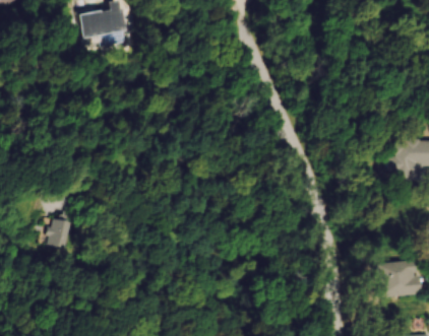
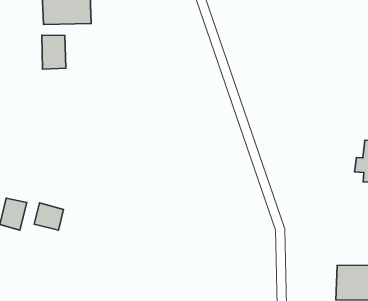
building: none -> [42,35,66,69]
building: none -> [34,203,63,230]

